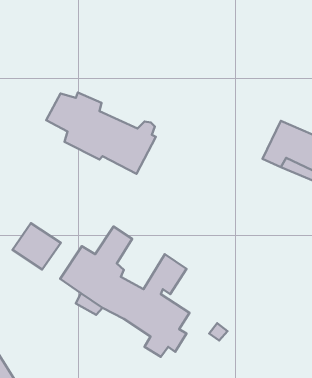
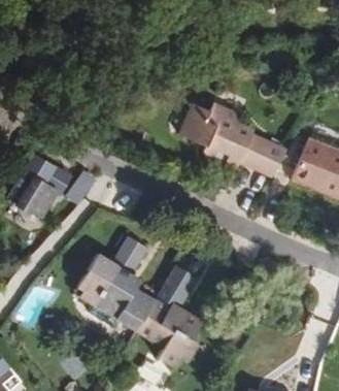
building: [46,93,156,174] -> [158,89,268,170]
building: [13,223,61,269] -> [23,169,71,216]

